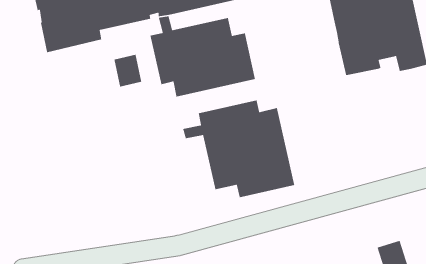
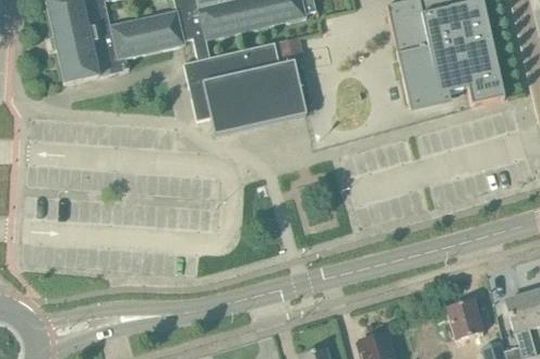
building: [113,54,142,87] -> none
building: [182,100,295,198] -> none

